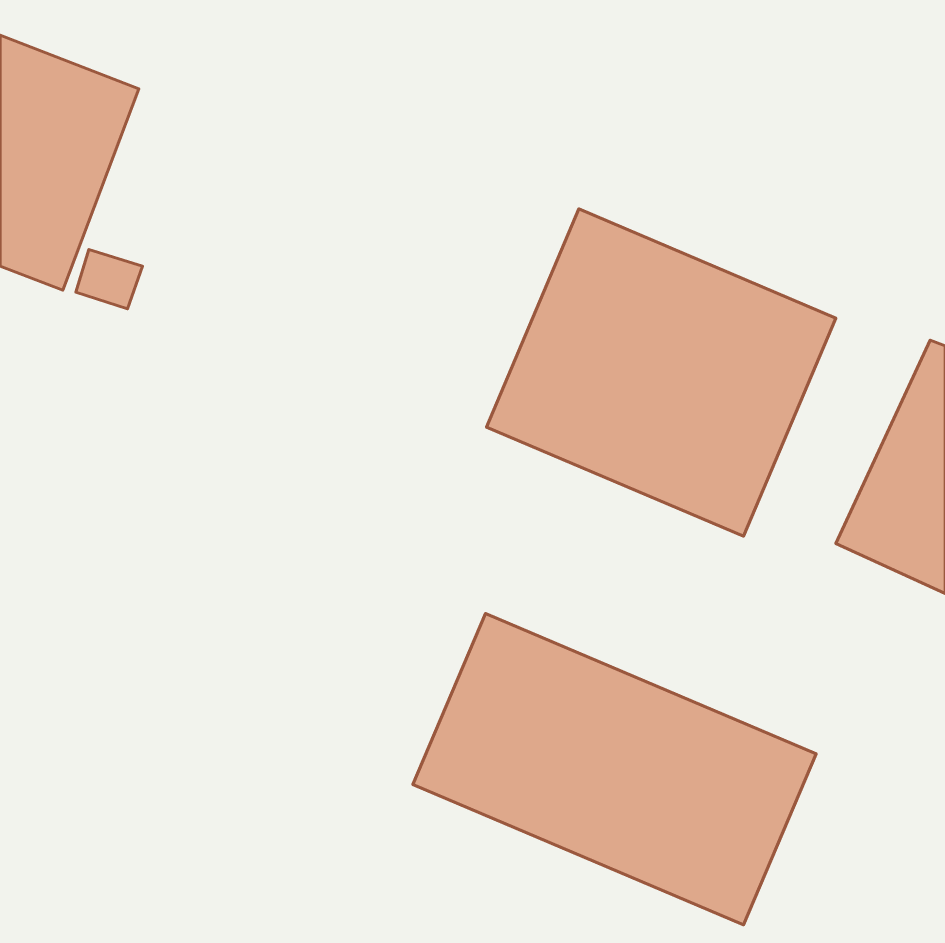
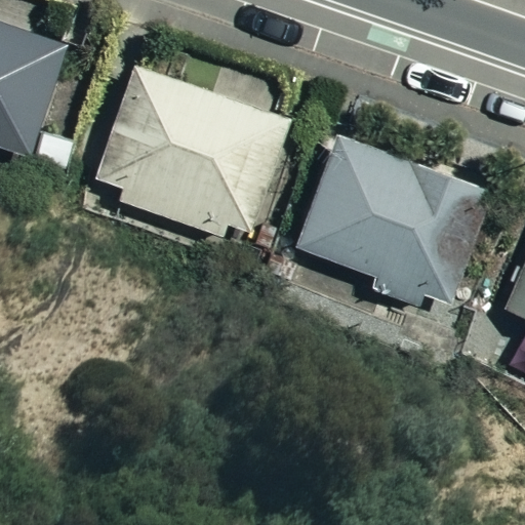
building: none -> [104,68,300,241]
building: [413,614,816,925] -> none

